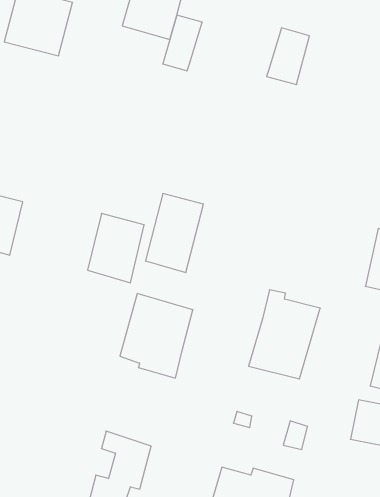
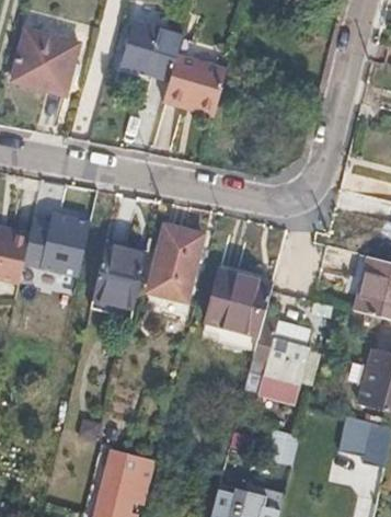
building: [267,28,309,85] -> [185,61,226,115]
building: none -> [22,204,89,277]
building: [120,294,193,378] -> [204,262,273,342]

